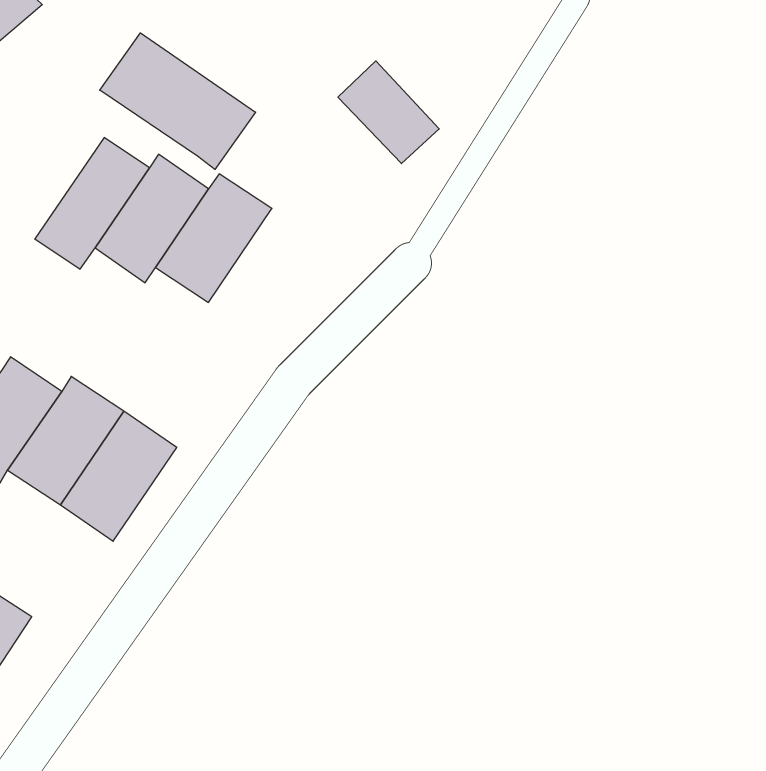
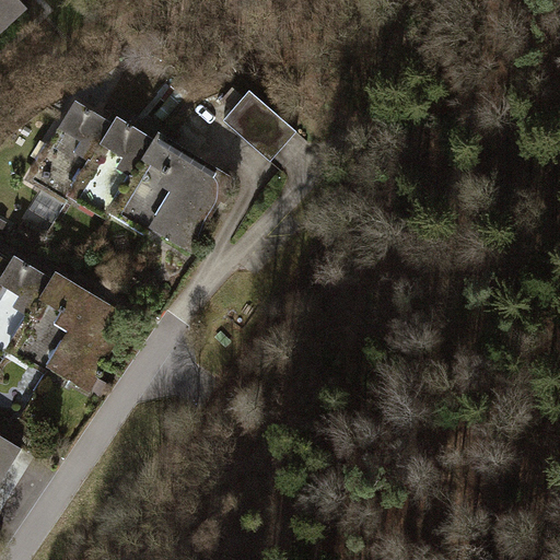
building: [100,33,256,169] -> none
building: [338,61,439,164] -> [220,86,293,161]
building: none -> [151,151,235,245]

